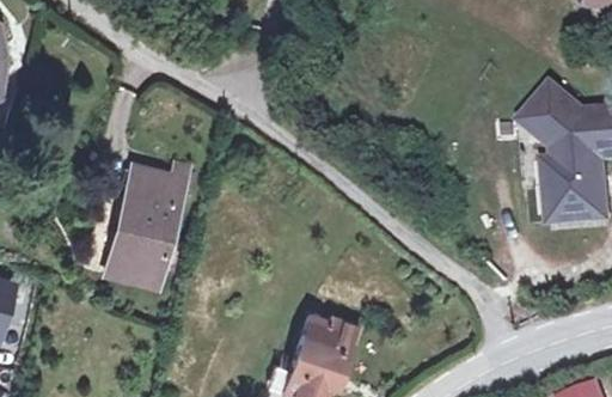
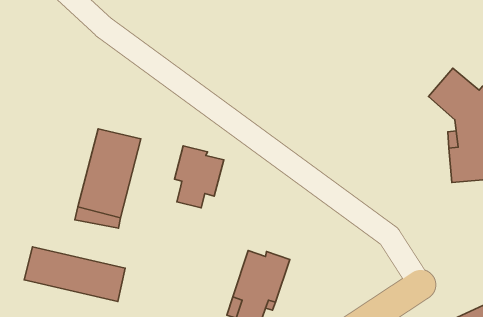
building: none -> [174,146,224,208]
building: none -> [24,247,125,302]

